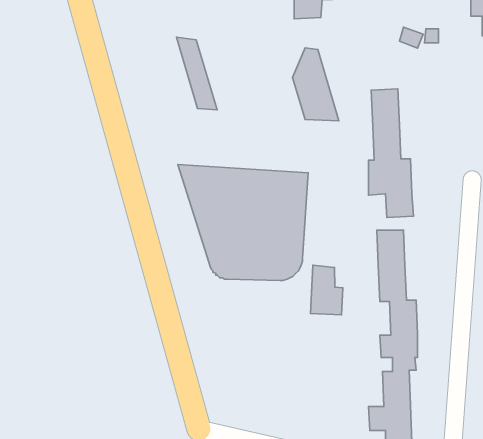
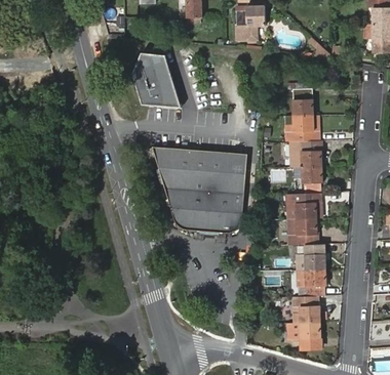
building: [293,48,339,121] -> [130,51,164,105]
building: [311,265,343,315] -> none

